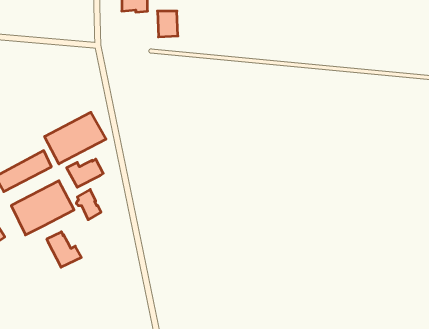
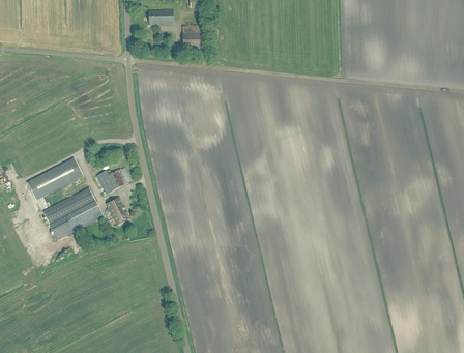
building: [45,112,106,164] -> none
building: [47,232,81,267] -> none

